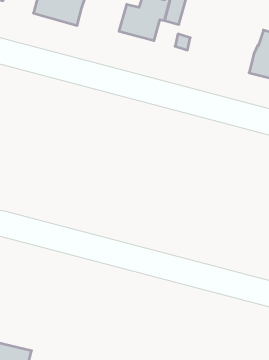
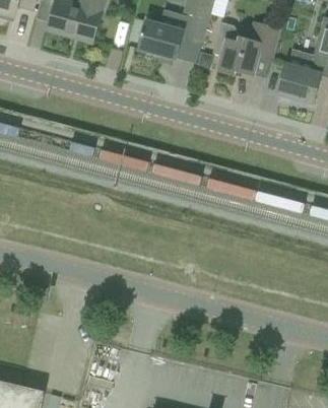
building: none -> [212,22,280,76]

